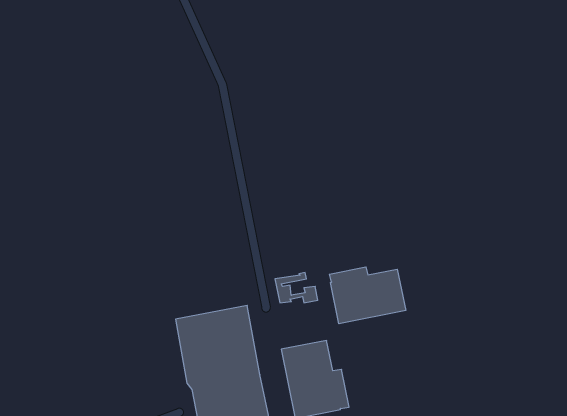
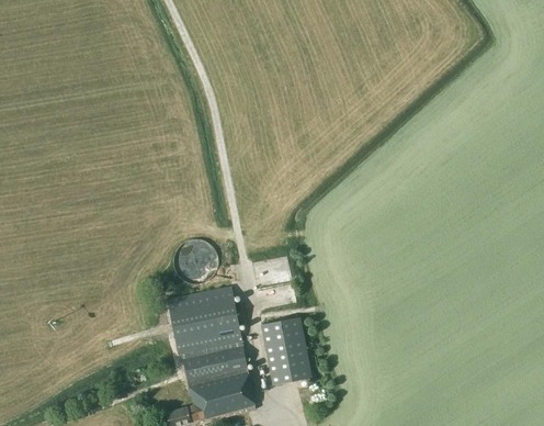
building: none -> [172,238,217,283]
building: [329,267,406,324] -> none

